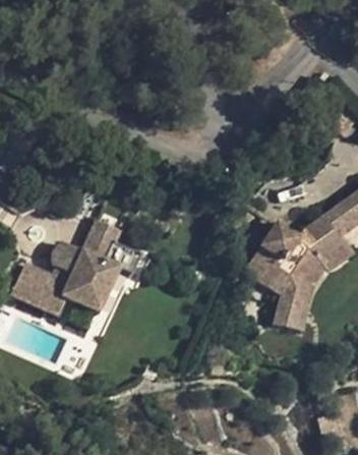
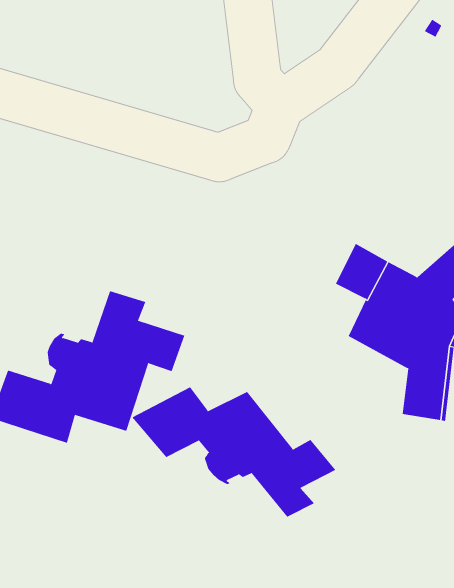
building: none -> [131,387,336,517]

